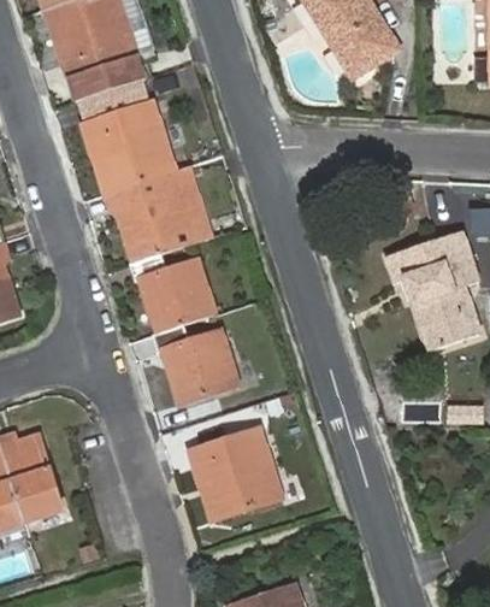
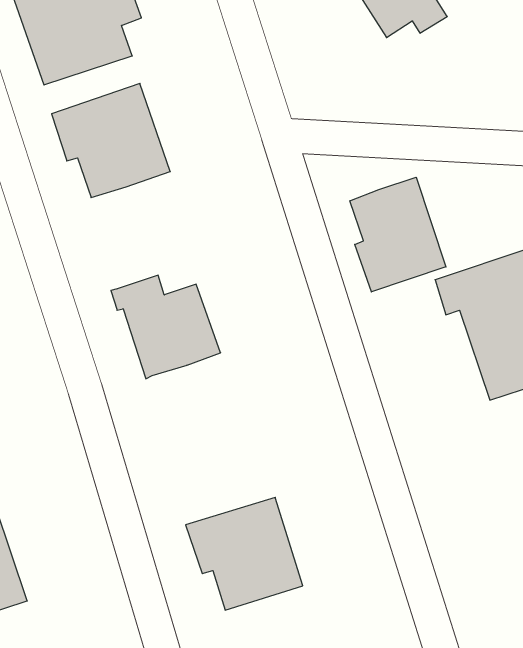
building: [105,167,226,264] -> none
building: none -> [350,177,446,292]
building: [152,324,238,405] -> none

